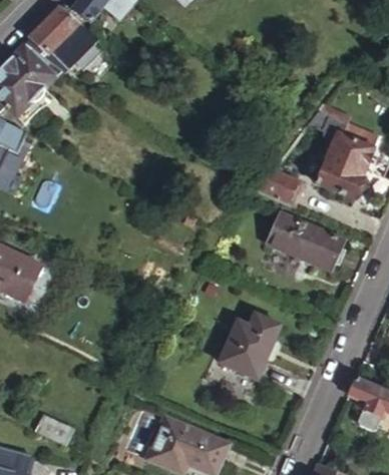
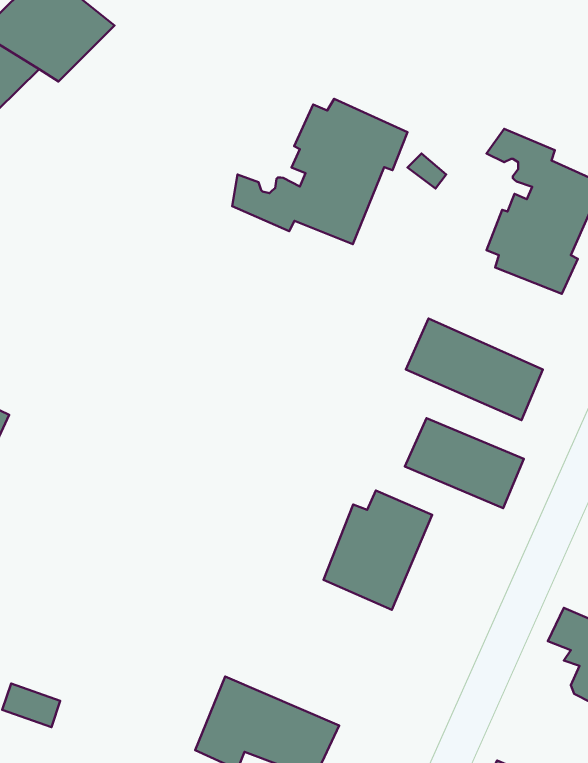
building: none -> [232,99,408,244]
building: [259,170,303,206] -> none
building: none -> [405,418,524,508]

